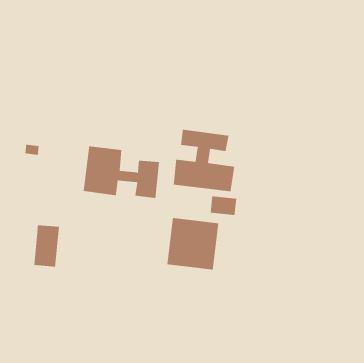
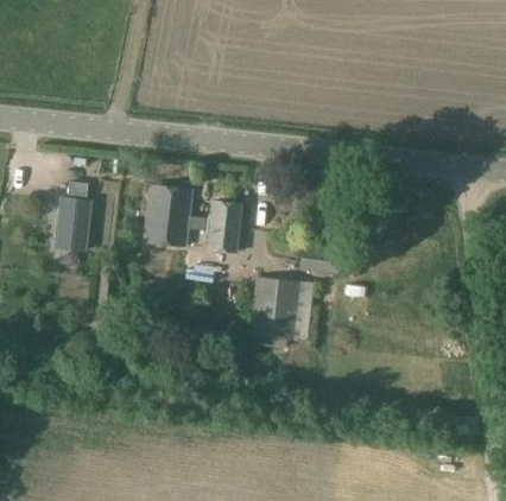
building: [173,129,235,192] -> none
building: [33,225,60,267] -> [61,198,94,252]

